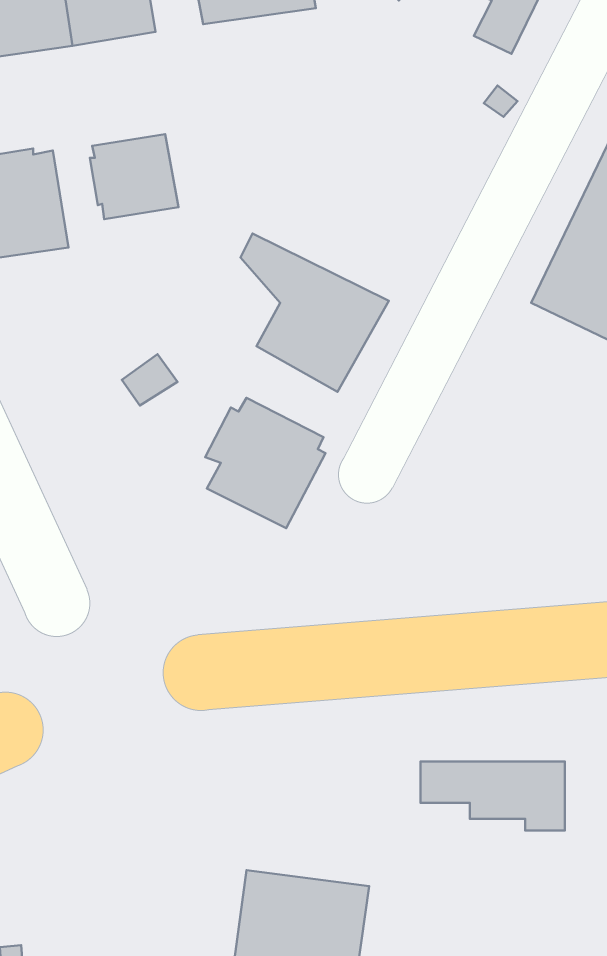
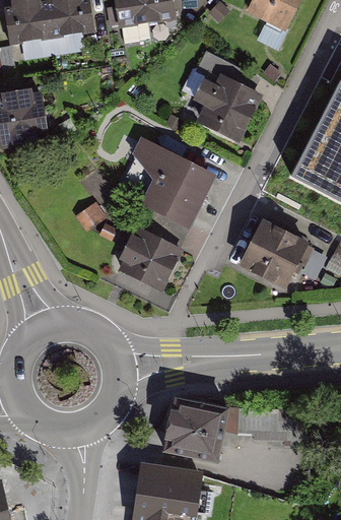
building: none -> [193,75,263,145]
building: [90,134,178,219] -> none
building: none -> [238,222,310,292]
building: none -> [169,406,224,457]

